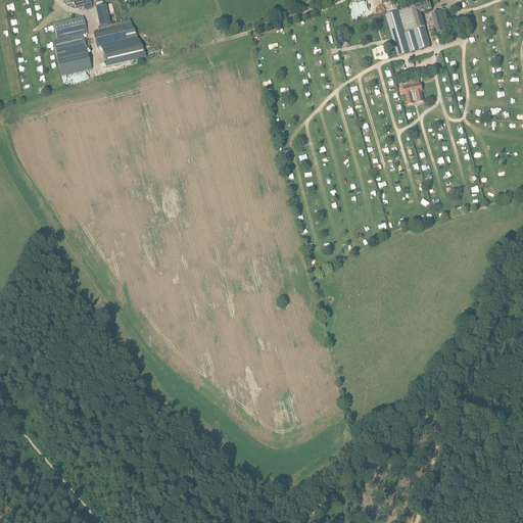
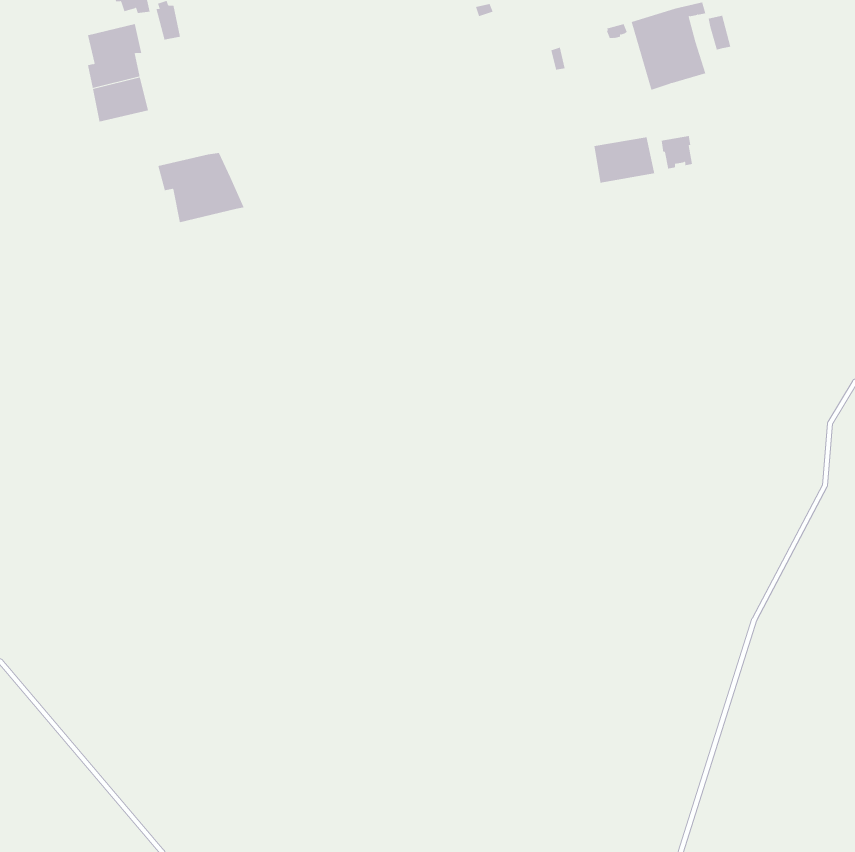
building: [93,21,146,64] -> [158,152,245,223]
building: none -> [594,137,655,184]

